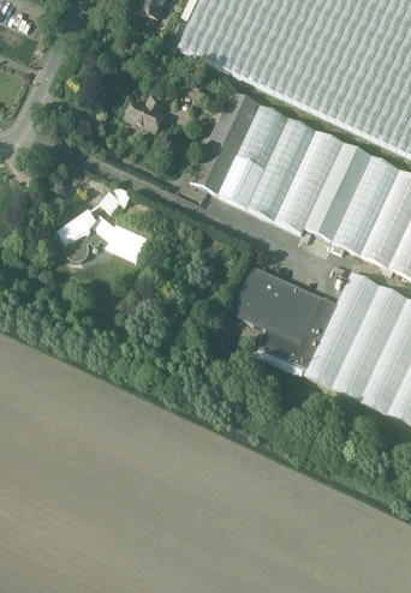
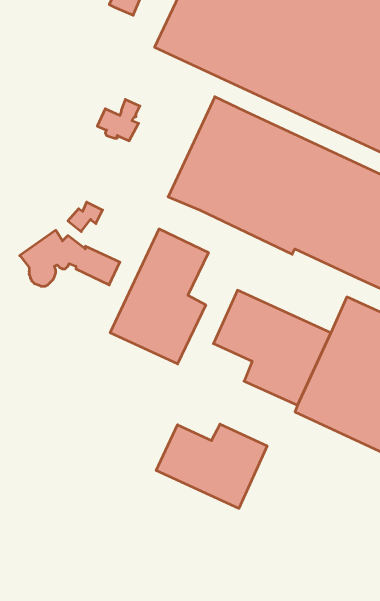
building: none -> [110,229,208,364]
building: none -> [156,424,267,508]

